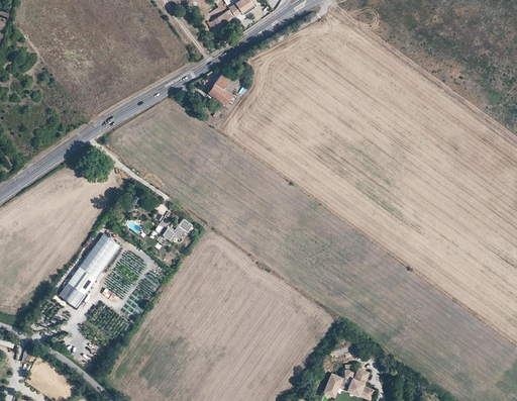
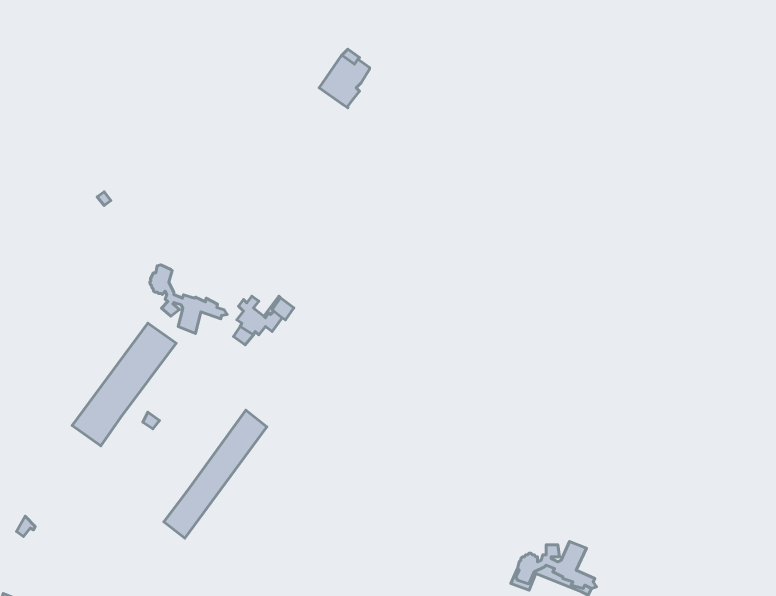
building: none -> [150,265,227,334]
building: none -> [164,410,267,538]

